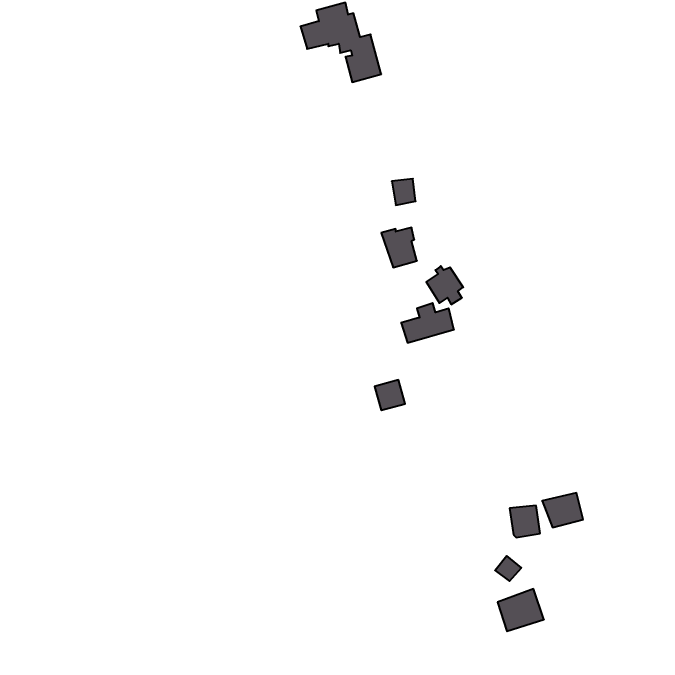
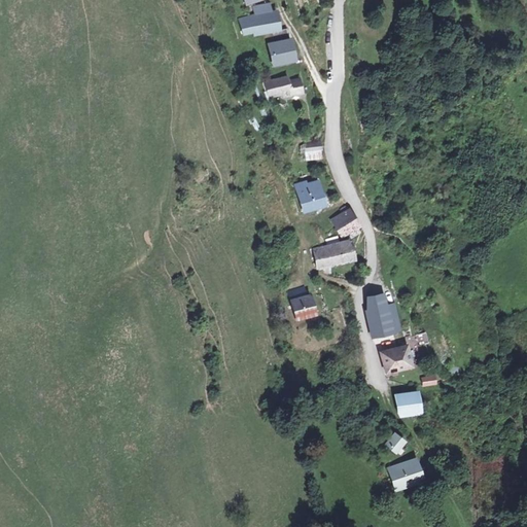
building: none -> [262,74,303,98]
building: none -> [365,293,398,337]
building: [542,493,583,527] -> [380,346,412,373]

